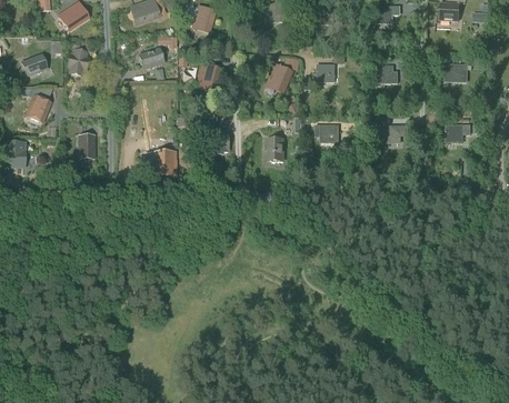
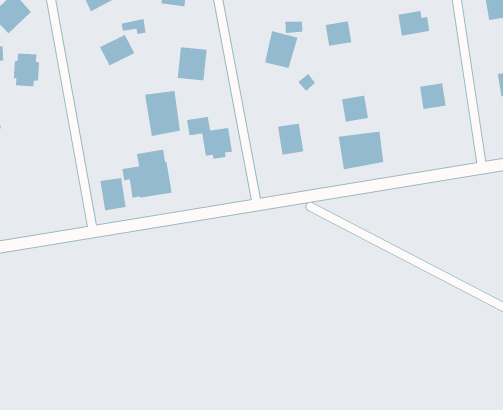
building: none -> [144,90,181,137]
building: [78,134,96,159] -> [99,177,127,211]
building: none -> [338,131,384,170]

